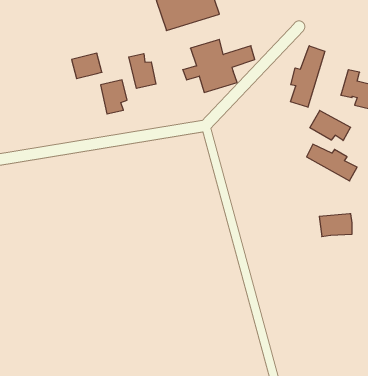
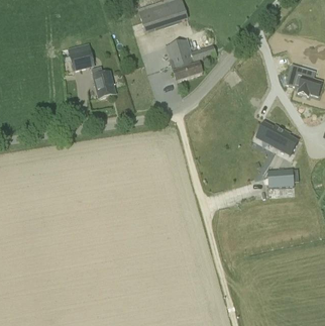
building: [290,46,325,107] -> none
building: [129,54,156,88] -> none
building: [310,110,351,141] -> none

